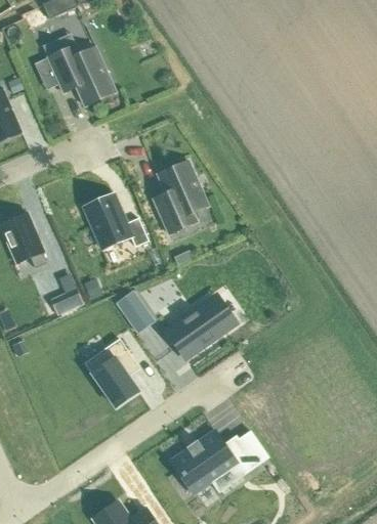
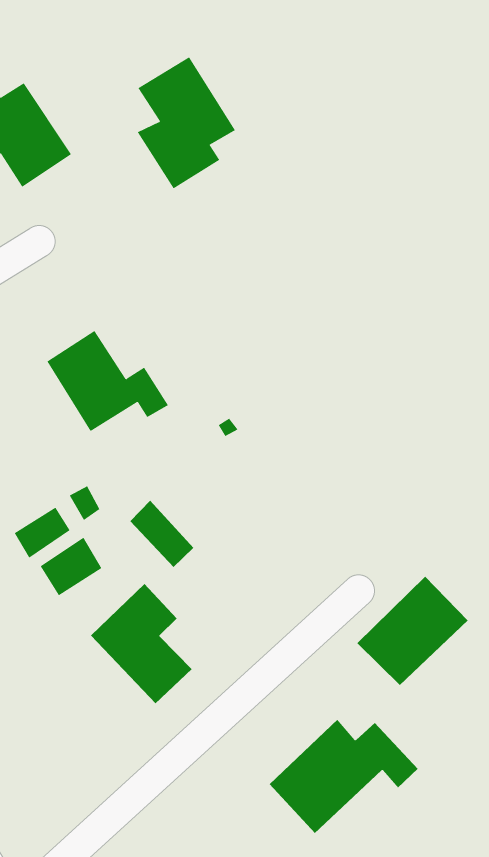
building: [153,161,208,233] -> [137,56,236,189]
building: [166,298,231,357] -> [356,576,469,686]
building: none -> [40,537,102,596]

